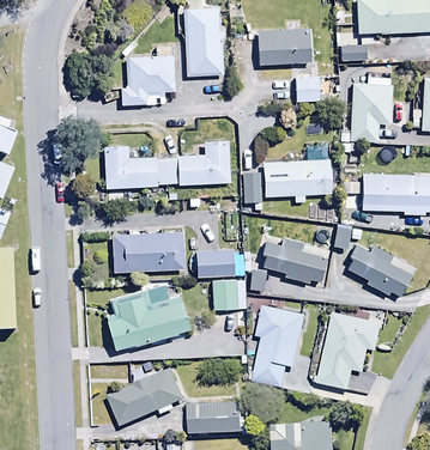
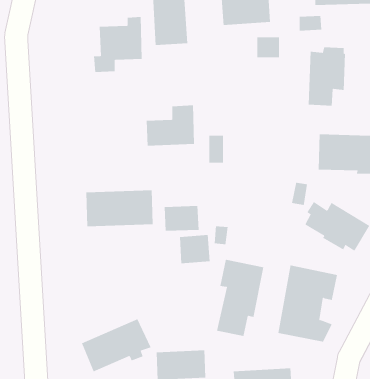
building: [102,145,176,188] -> none
building: [262,158,331,202] -> none
building: [261,237,329,282] -> none
building: [104,285,188,351] -> none

